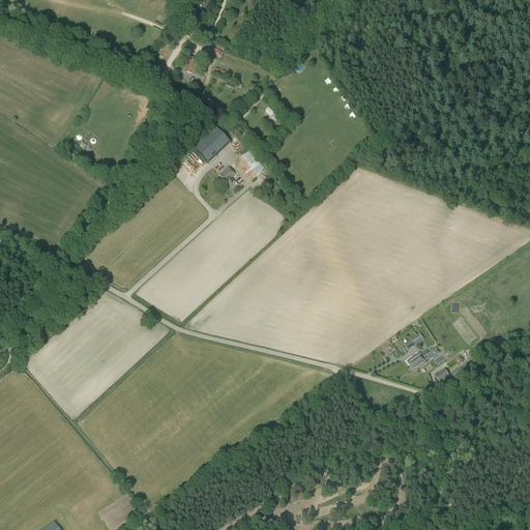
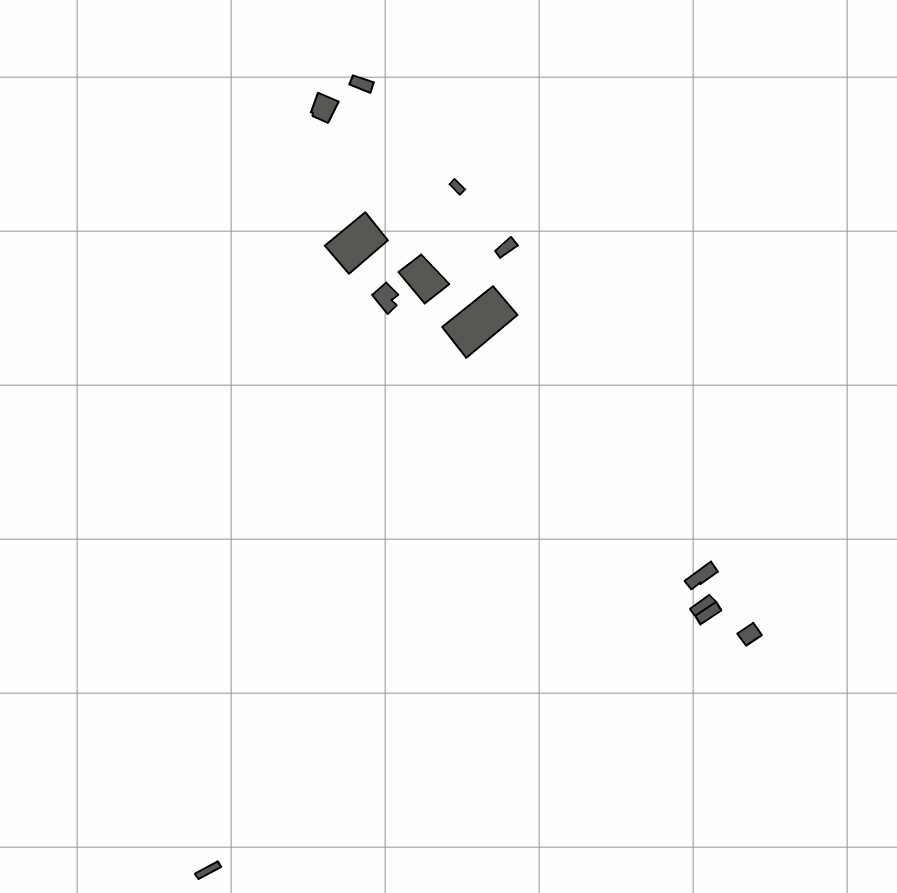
building: none -> [442,286,518,358]

